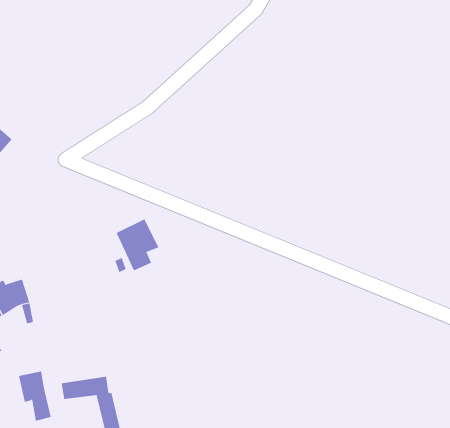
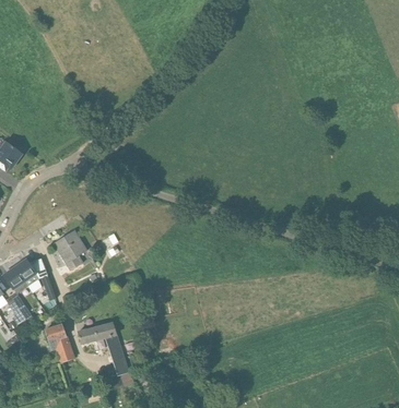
building: [116,219,159,271] -> [54,229,87,269]

